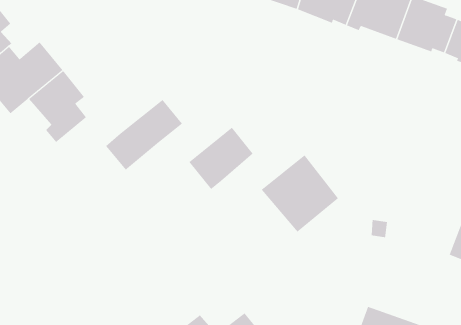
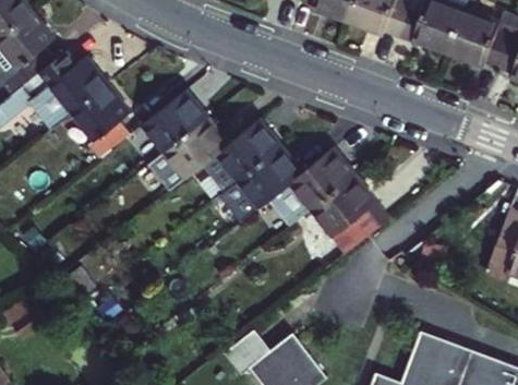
building: none -> [142,91,207,152]
building: none -> [202,119,278,190]
building: none -> [267,148,352,226]

